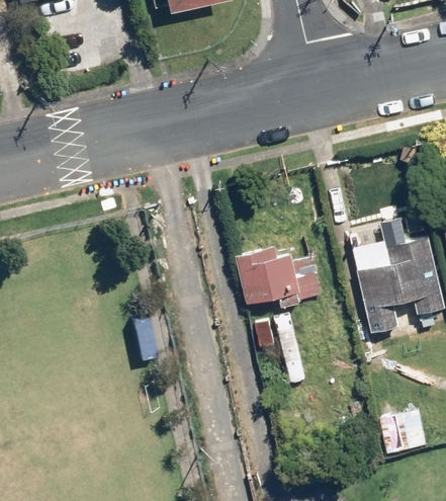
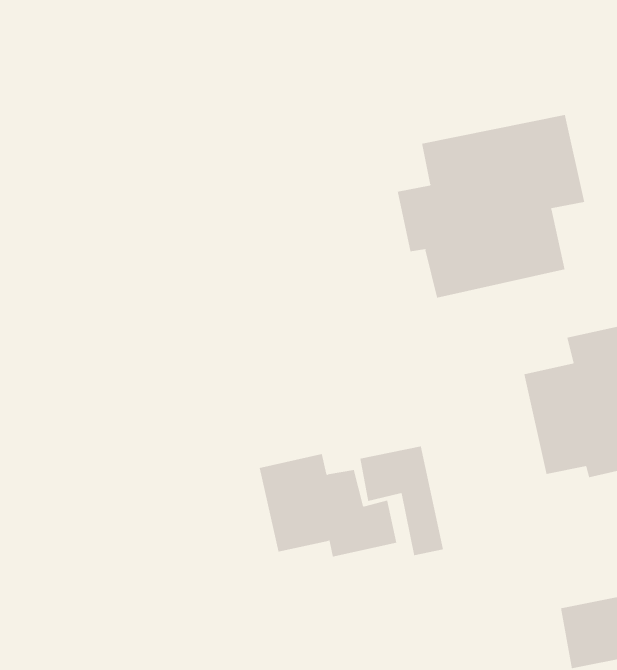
building: none -> [397,114,585,298]
building: [234,240,322,306] -> [259,454,397,557]

